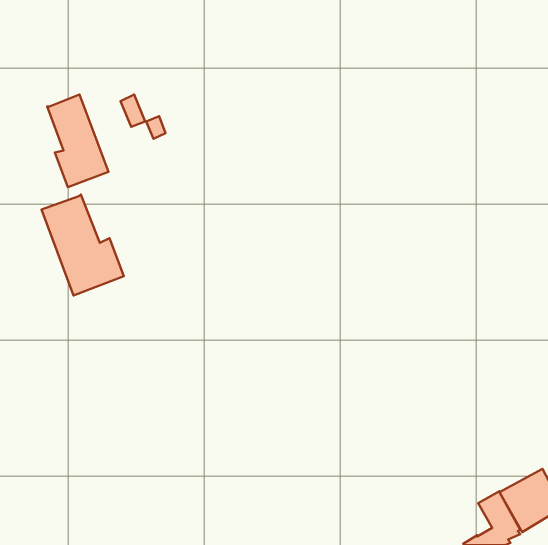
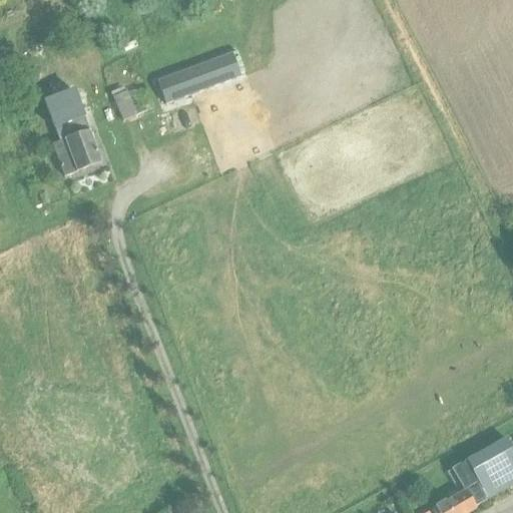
building: none -> [157,51,241,102]
building: [41,194,124,295] -> none

